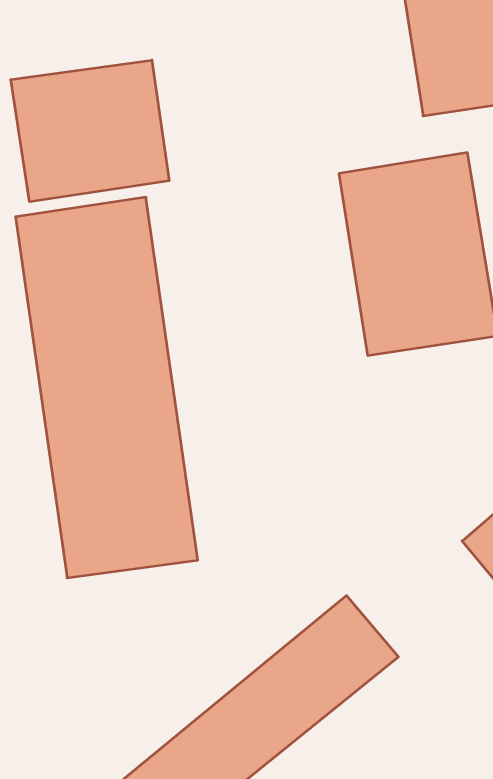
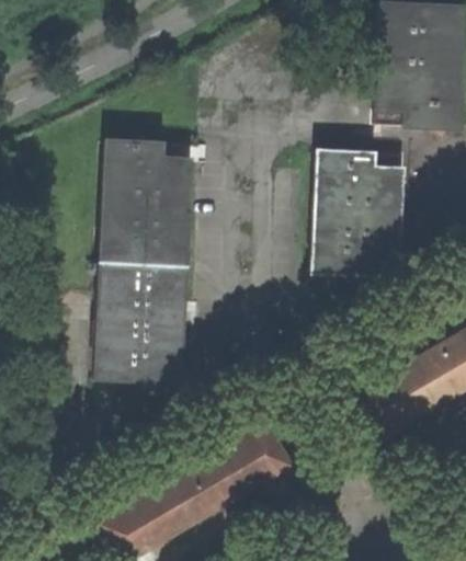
building: [11,60,169,202] -> none

